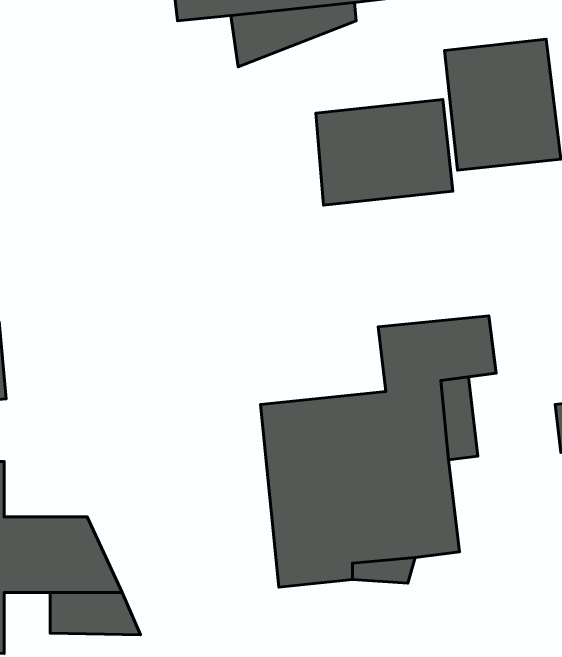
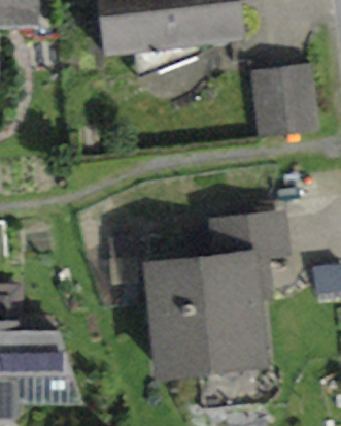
building: [316,100,453,205] -> none

